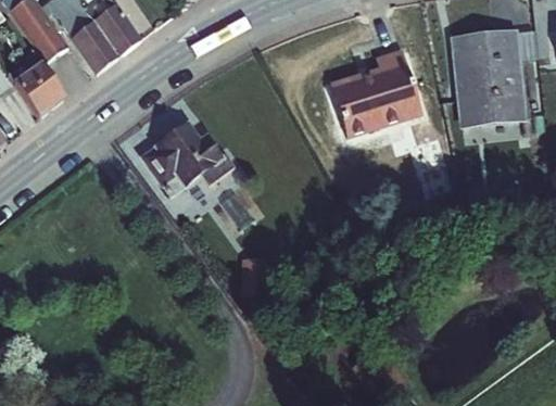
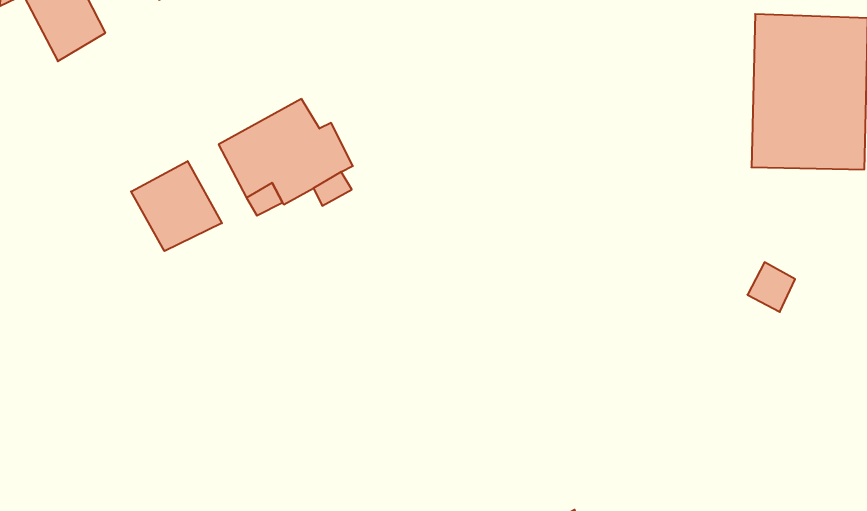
building: [329,48,422,138] -> none
building: none -> [131,161,222,251]

